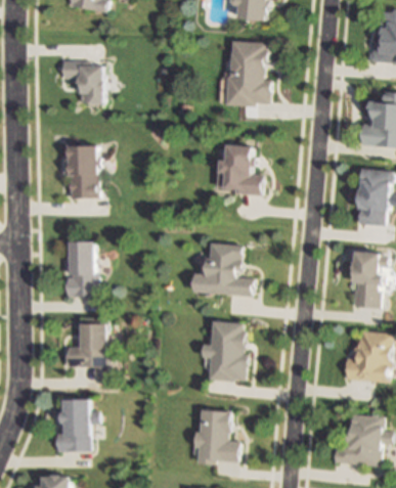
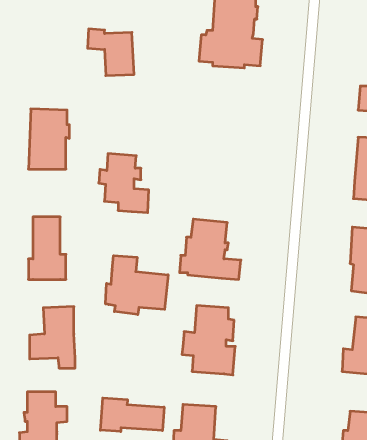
building: [60,61,102,103] -> [88,29,134,76]
building: [218,143,263,196] -> [99,154,149,213]
building: none -> [106,256,168,315]
building: none -> [100,398,164,432]

